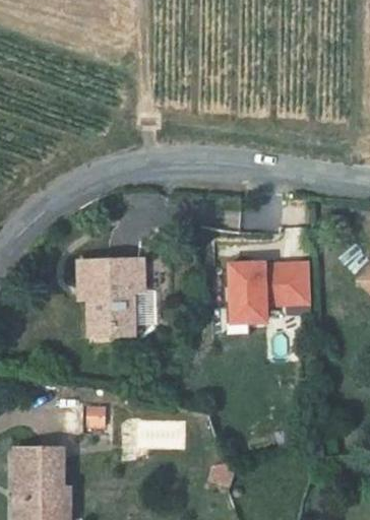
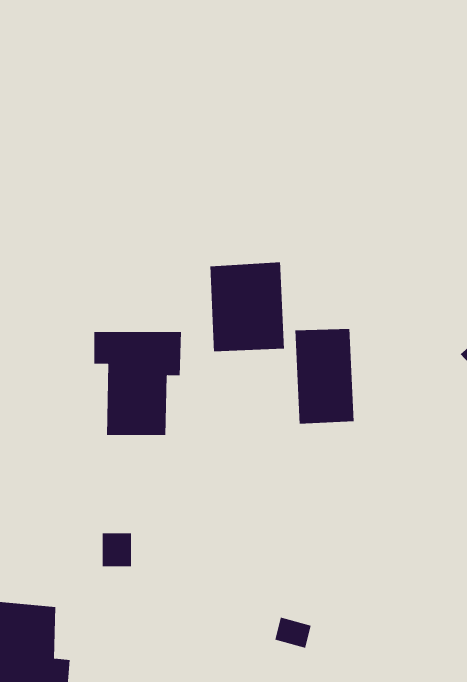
building: none -> [210,262,285,352]
building: [272,258,320,308] -> none

